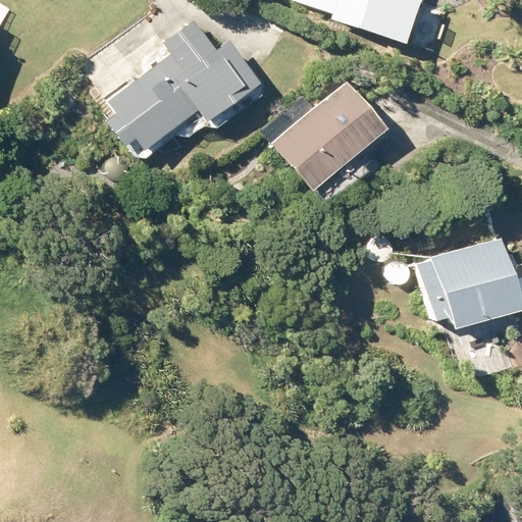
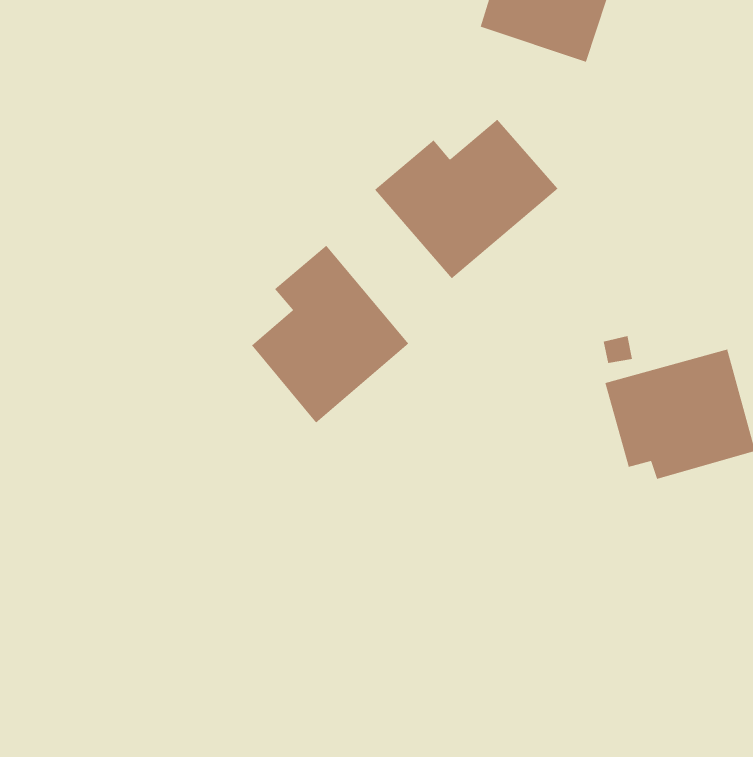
building: [107,21,260,150] -> none
building: none -> [251,245,409,423]

